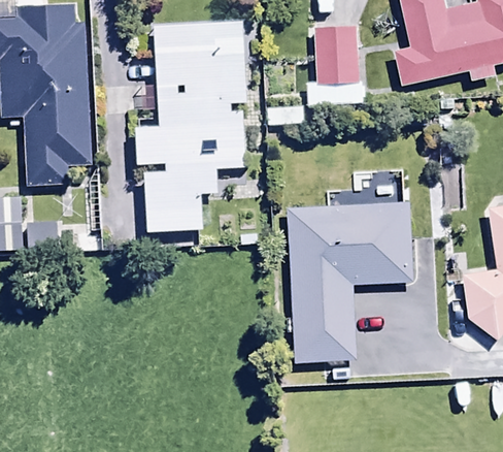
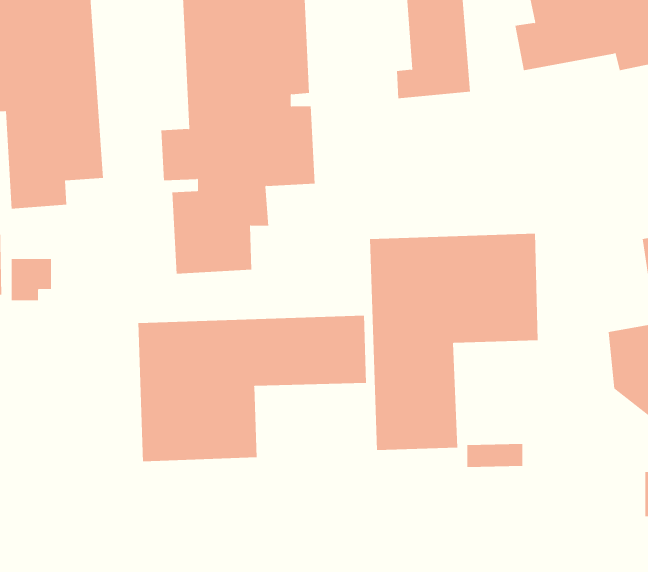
building: none -> [138,315,367,462]

